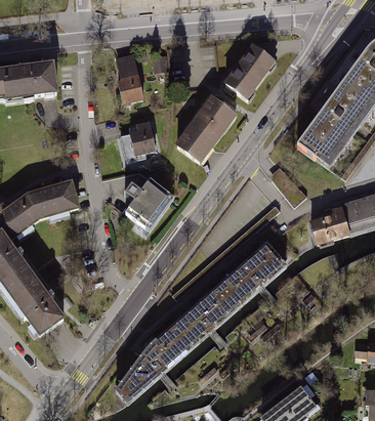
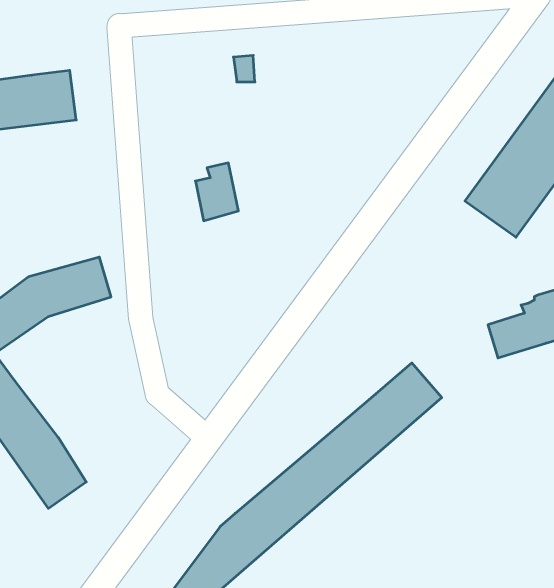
building: [222,46,276,102] -> none
building: [115,53,145,106] -> none
building: [177,97,239,165] -> none
building: [124,179,175,230] -> none

